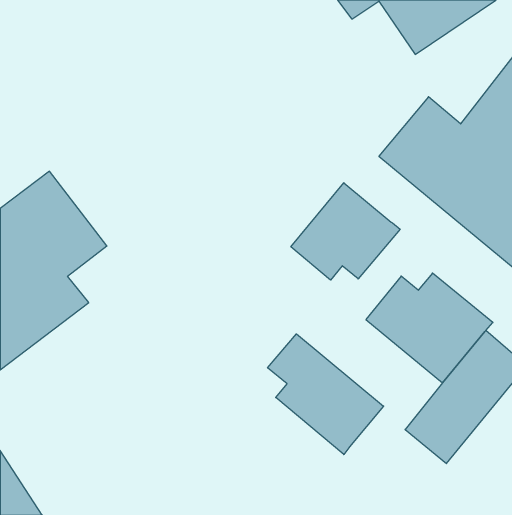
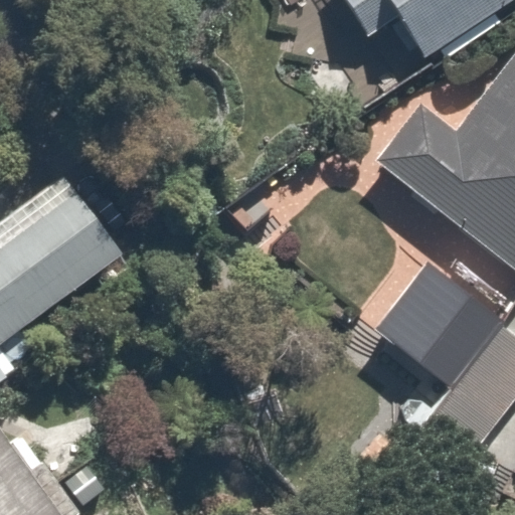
building: [291,183,400,280] -> none
building: [268,334,384,455] -> none

